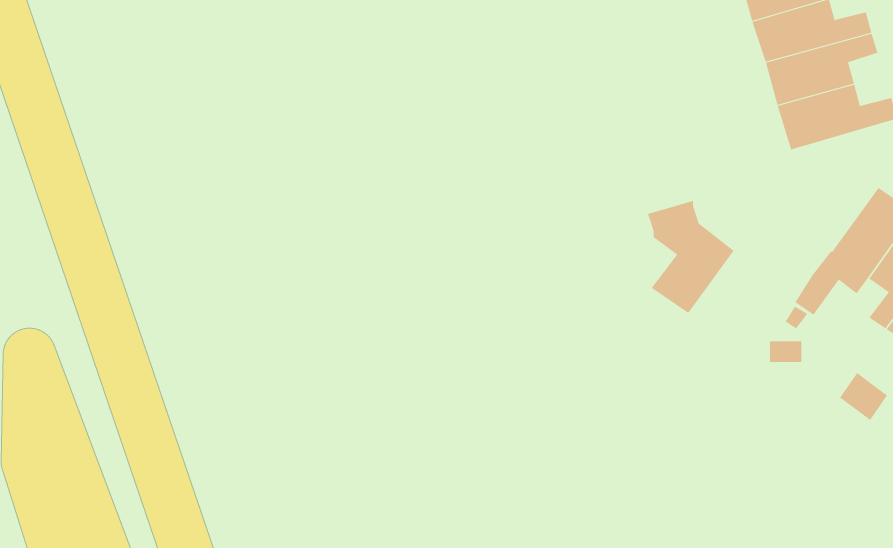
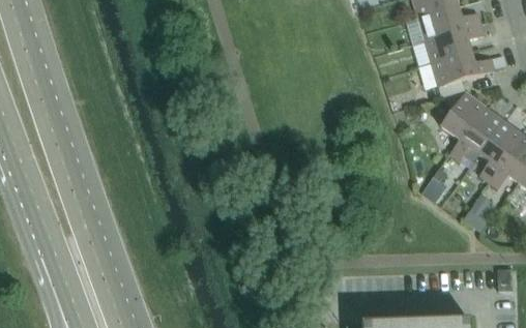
building: [647,200,735,315] -> [437,79,484,140]

